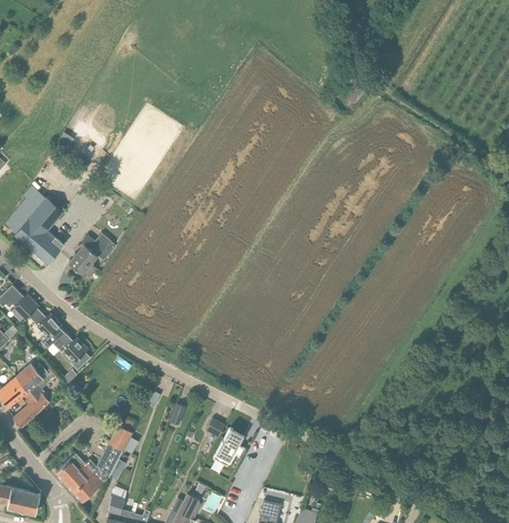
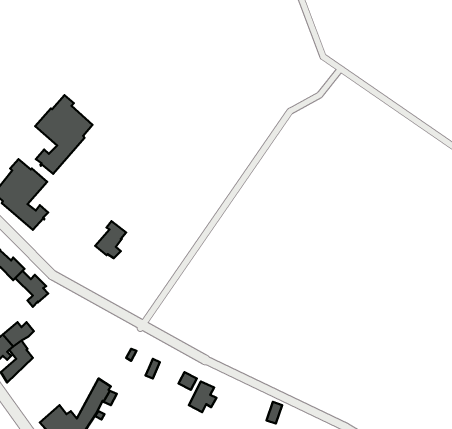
building: none -> [35,95,92,174]
building: [69,237,102,276] -> [95,221,126,258]
building: [53,333,90,370] -> none

